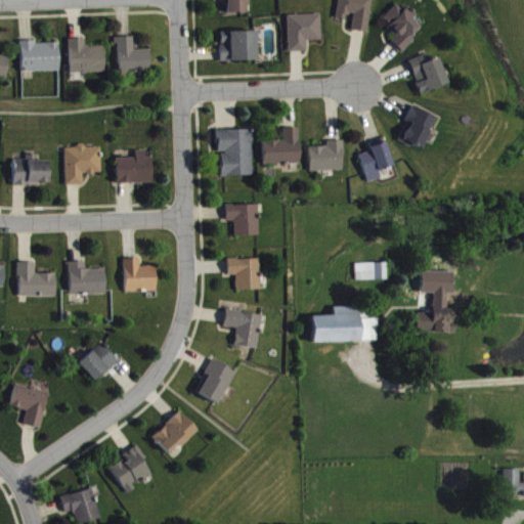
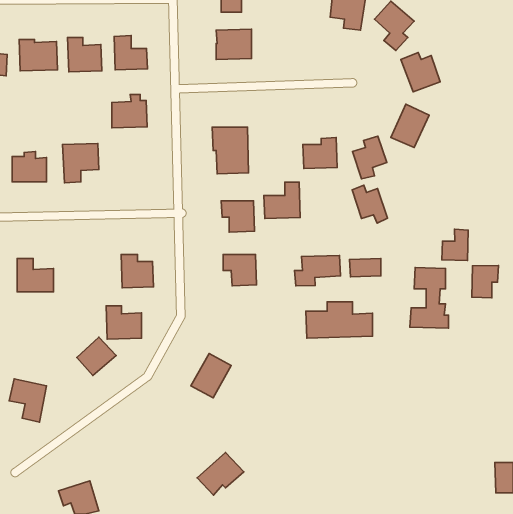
building: [286,13,319,51] -> none
building: [261,127,298,164] -> [264,182,300,219]
building: [116,149,151,183] -> [112,94,147,128]
building: none -> [352,185,387,223]
building: none -> [442,229,468,260]
building: none -> [295,255,340,286]
building: [69,261,104,295] -> [106,306,142,339]
building: none -> [472,266,498,298]
building: [223,309,260,348] -> none
building: [150,410,198,453] -> [197,453,244,495]
building: [110,444,150,493] -> none

